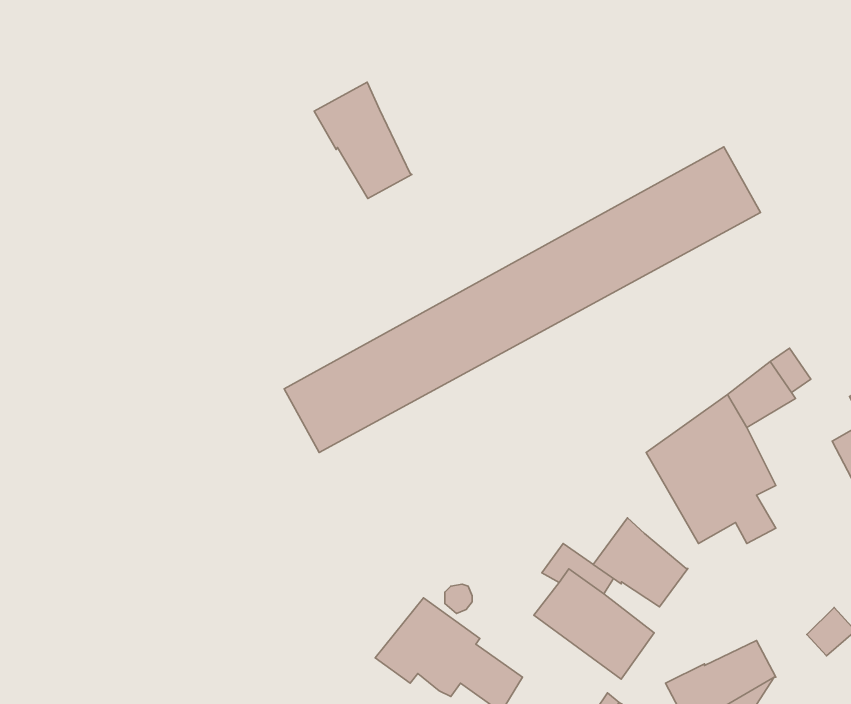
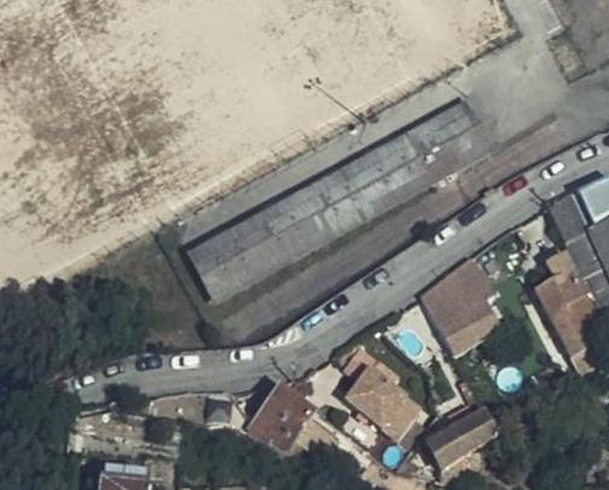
building: [314,82,412,198] -> none
building: [593,518,688,607] -> none

